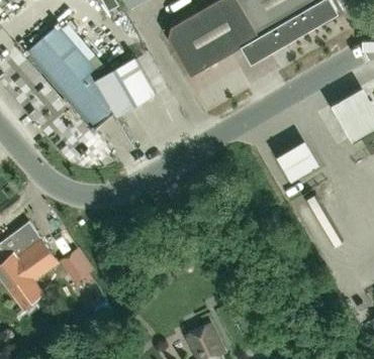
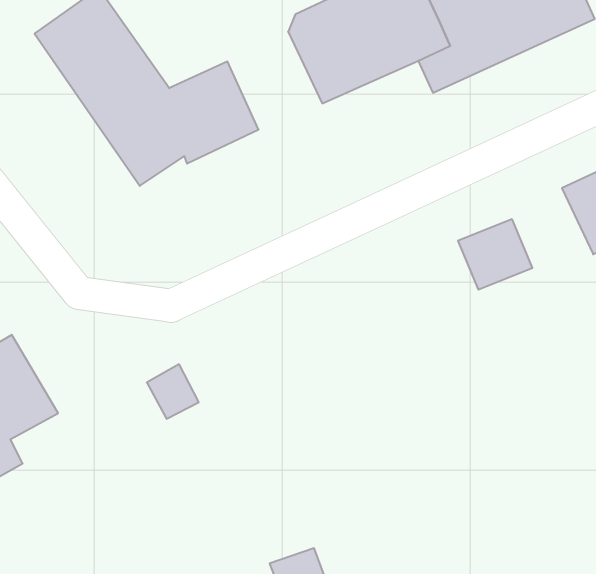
building: [62,251,92,282] -> [147,364,199,419]

